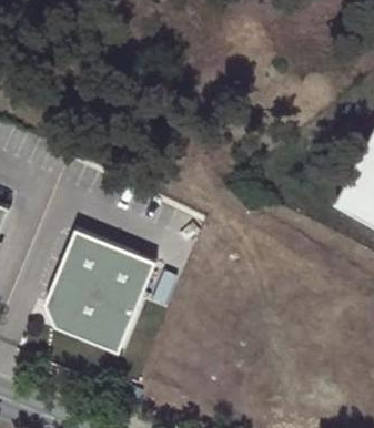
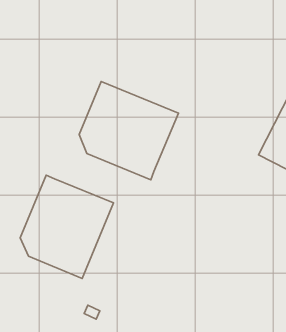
building: none -> [79,81,178,180]

